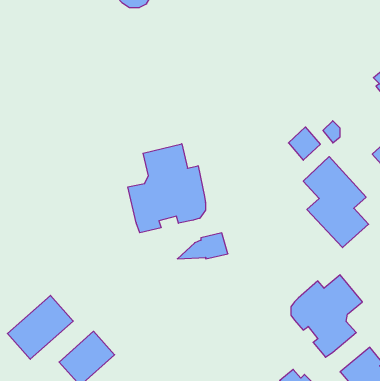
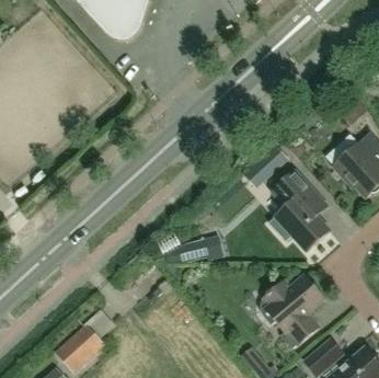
building: [128,144,206,233] -> none
building: [7,295,73,359] -> none

